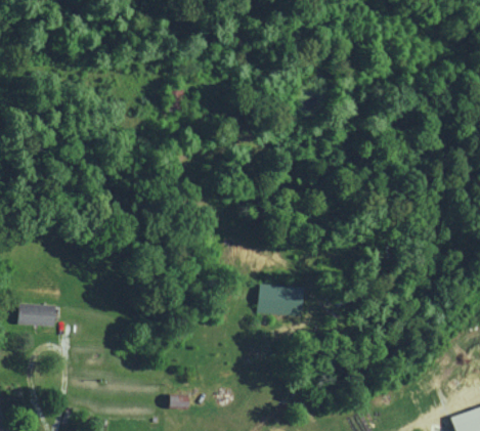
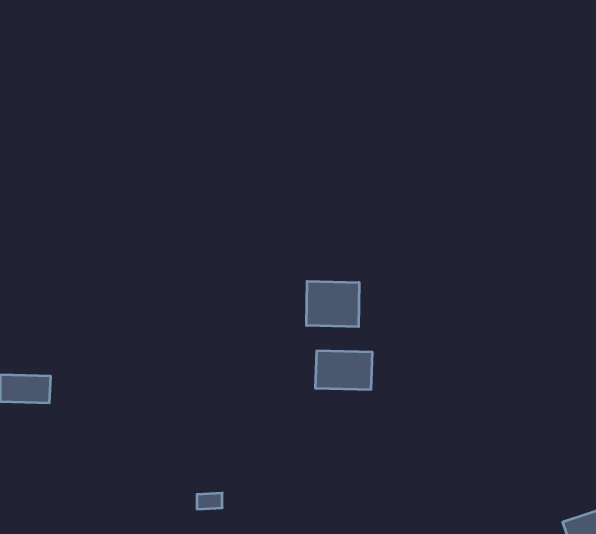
building: none -> [307,281,359,327]

